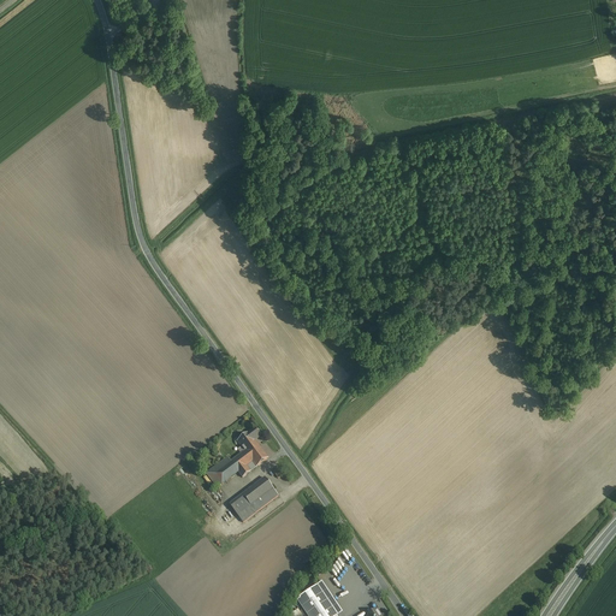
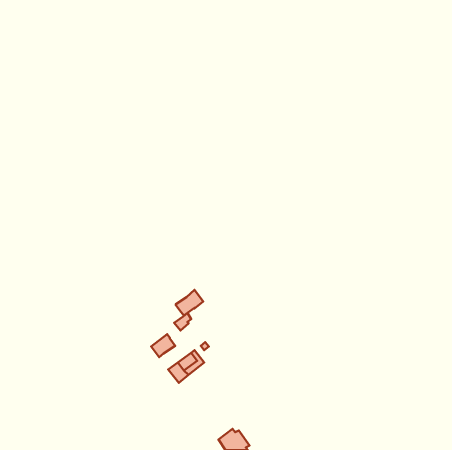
building: [231,440,268,475] -> [176,290,203,316]

